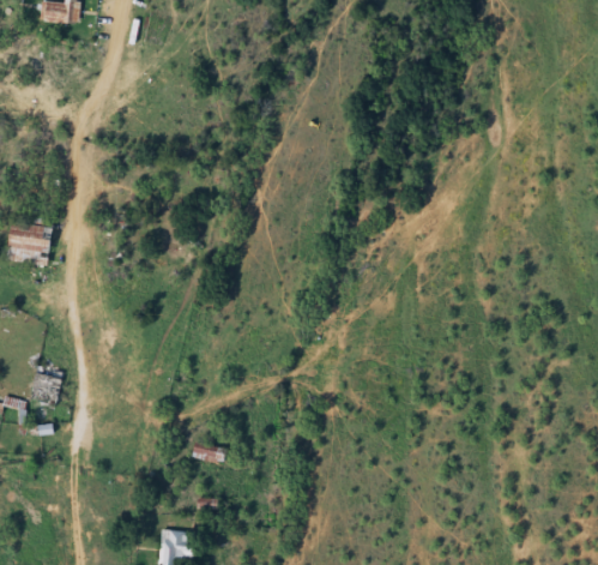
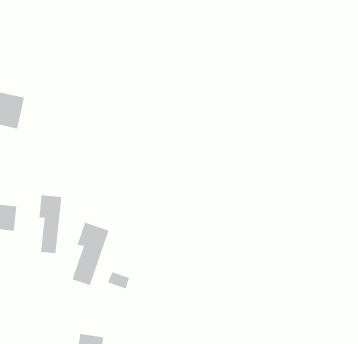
building: none -> [39,195,62,254]
building: none -> [72,222,109,286]

